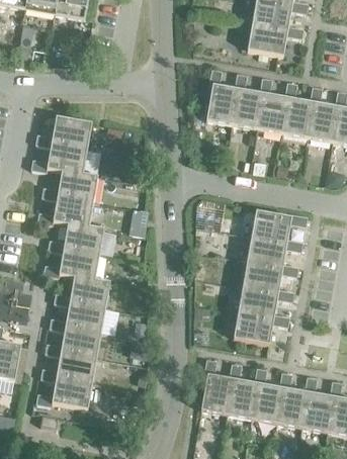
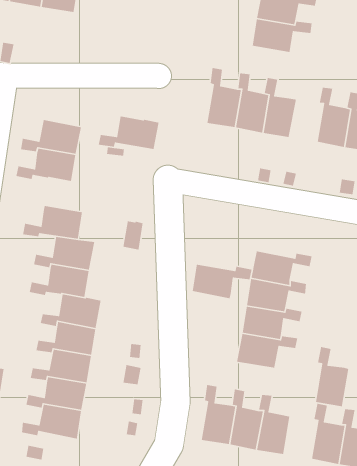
building: [281,81,313,136] -> none
building: [40,169,97,200] -> [98,115,160,150]
building: [251,210,307,243] -> [192,264,252,299]
building: [276,371,308,427] -> [315,346,349,407]

